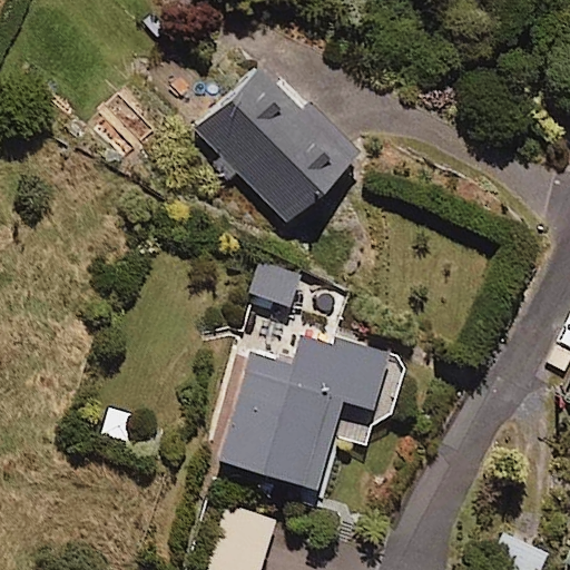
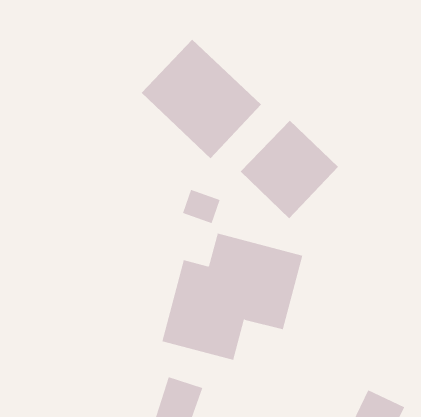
building: none -> [240,120,339,219]

